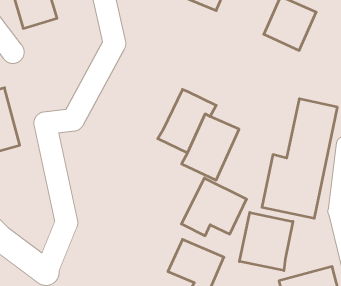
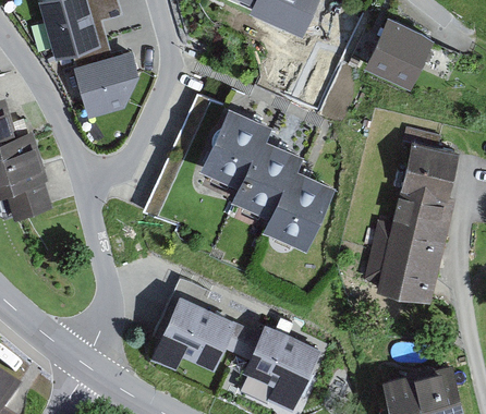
building: none -> [73,52,137,119]
building: none -> [198,107,275,190]
building: [181,178,247,236] -> [147,299,231,373]
building: [239,212,293,271] -> none

